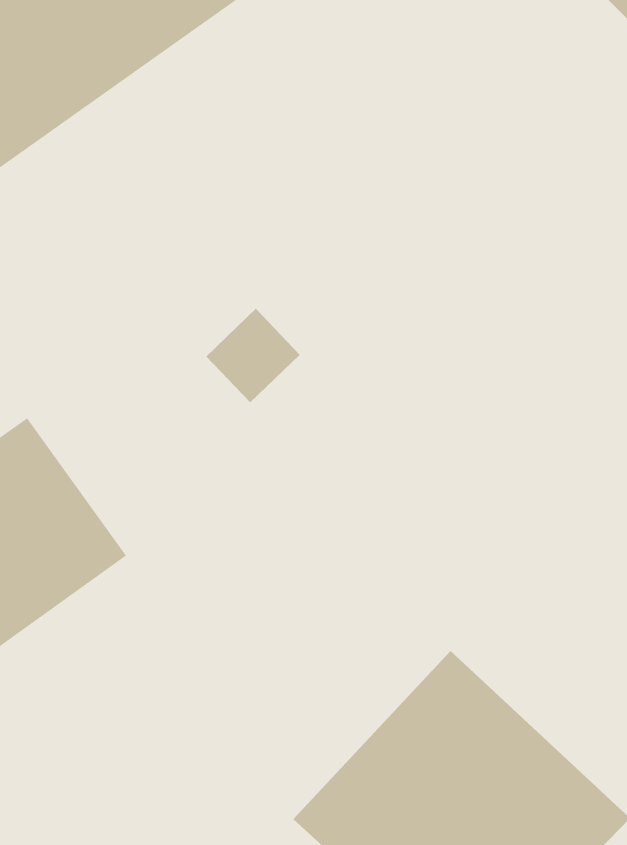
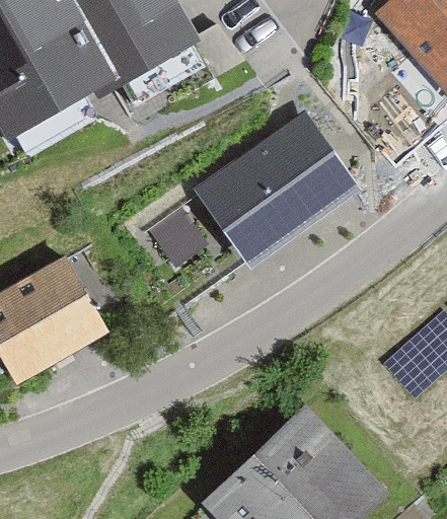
building: none -> [198,115,357,263]

